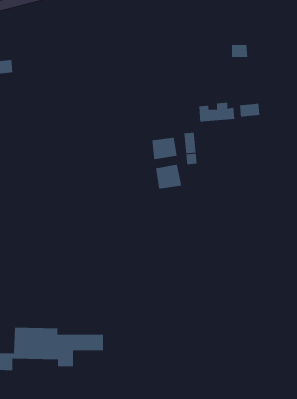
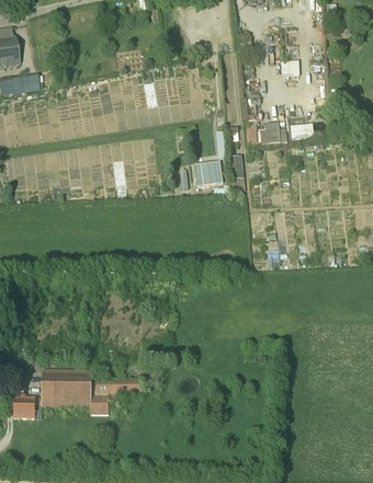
building: [155,164,182,190] -> none

